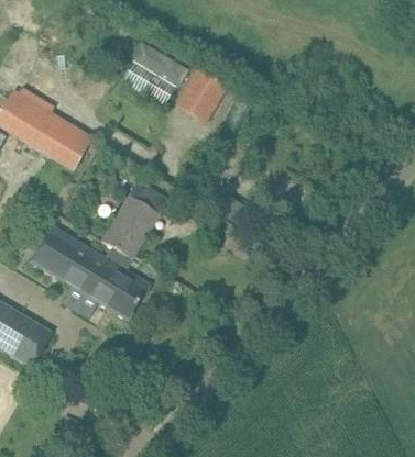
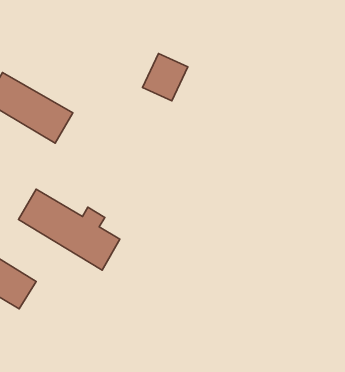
building: [120,40,189,104] -> none
building: [100,180,159,258] -> none

